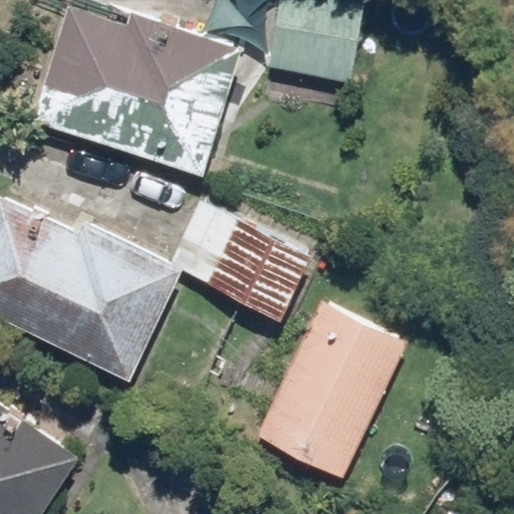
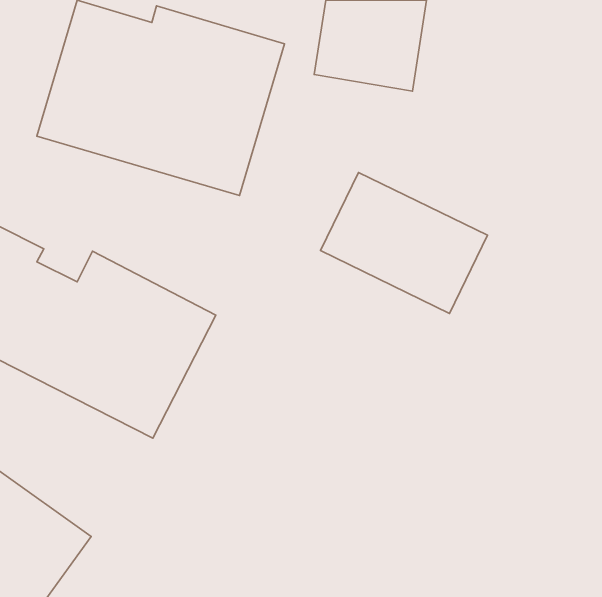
building: [169,200,310,319] -> [320,172,488,313]
building: [259,304,403,475] -> none

